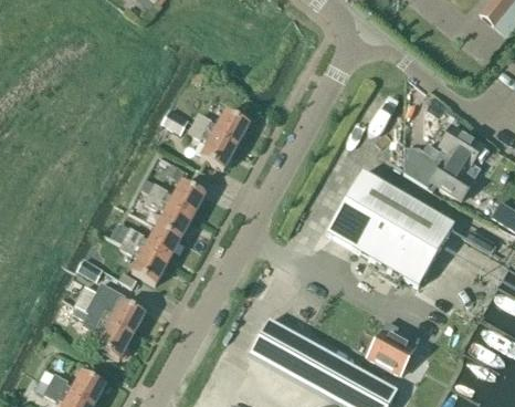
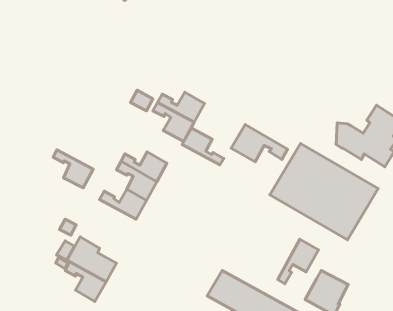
building: none -> [231,125,288,162]
building: none -> [182,128,224,165]
building: [120,238,168,283] -> [53,150,93,188]
building: none -> [278,239,318,284]

